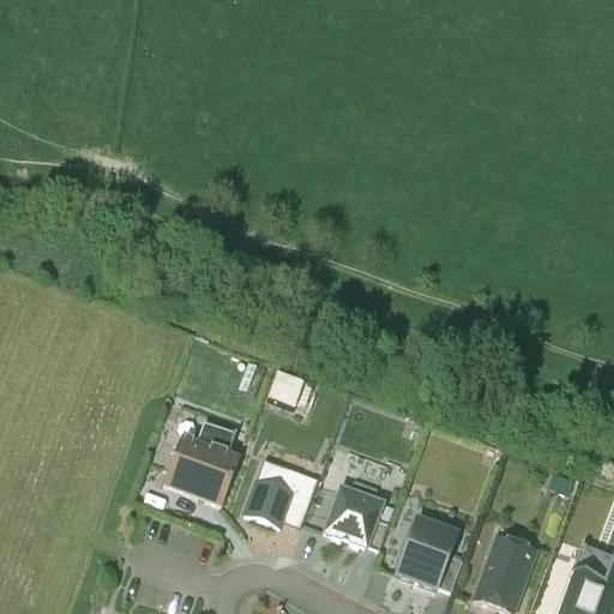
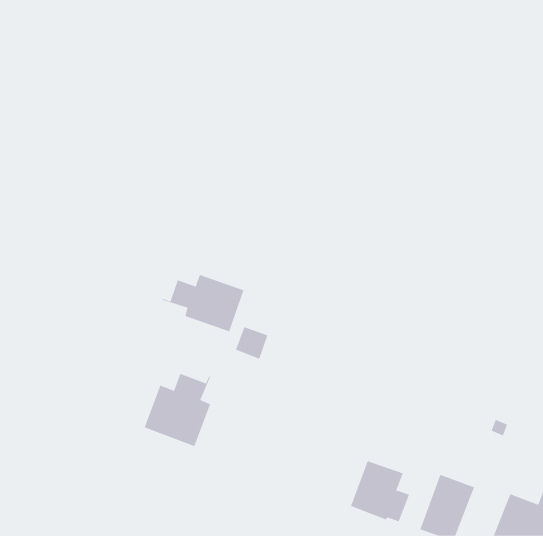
building: none -> [162,274,244,332]
building: [243,460,317,530] -> none
building: [324,481,389,550] -> none

